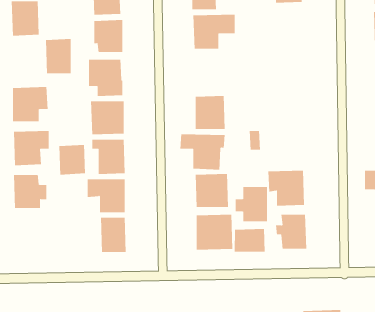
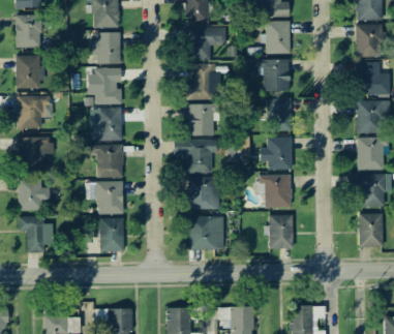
building: none -> [266,21,291,54]
building: [45,39,71,74] -> [16,55,40,88]
building: none -> [259,59,291,91]
building: none -> [186,63,218,99]
building: none -> [267,98,292,131]
building: [59,144,85,175] -> none
building: [235,187,268,222] -> [261,136,292,170]
building: none -> [19,216,53,251]
building: [234,228,265,253] -> none

